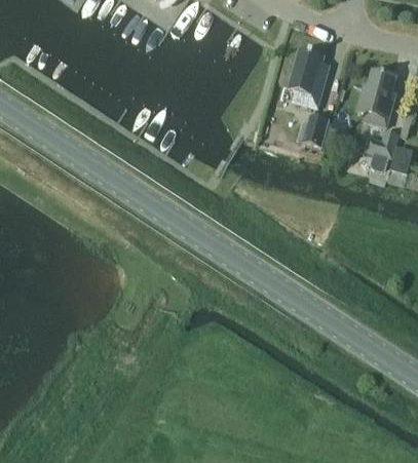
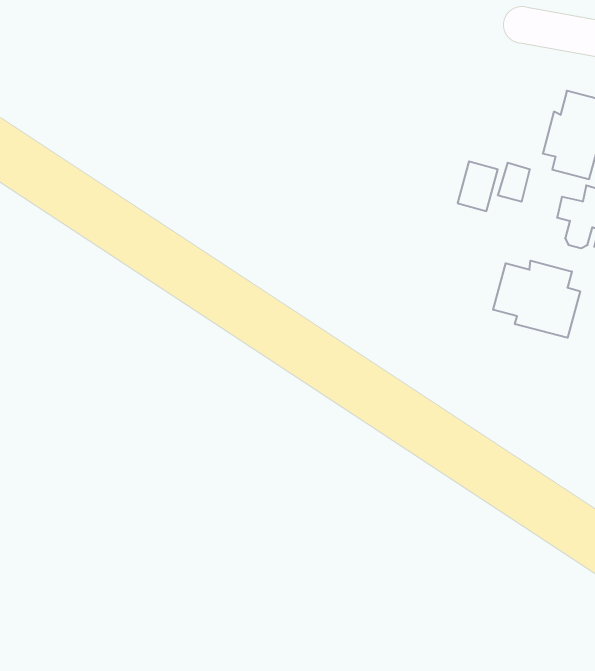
building: [288,50,328,107] -> none
building: none -> [493,261,580,338]

